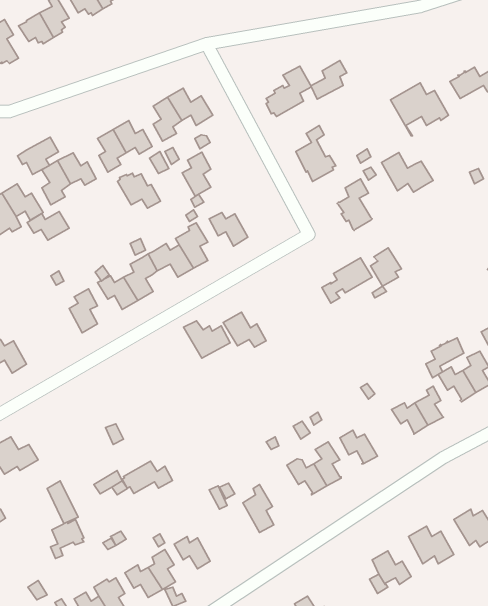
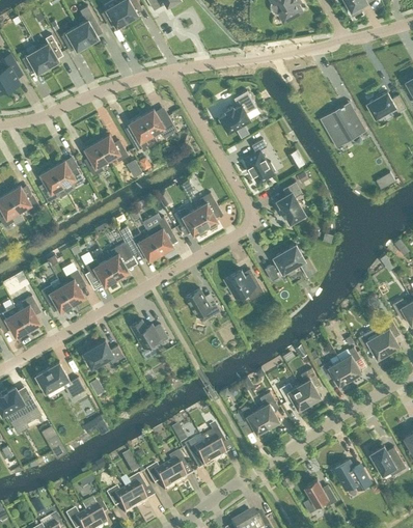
building: [311,60,347,99] -> none
building: [18,137,59,174] -> none
building: [182,152,211,196] -> [194,193,217,228]
building: [382,153,433,192] -> none
building: [118,173,160,208] -> none
building: [27,211,69,240] -> none
building: [370,248,402,286] -> none
building: none -> [223,270,263,299]
building: none -> [40,284,72,311]
building: [184,321,230,358] -> [130,321,167,351]
building: none -> [17,296,39,330]
building: [426,338,464,378] -> none
building: none -> [35,362,84,397]
building: none -> [298,368,321,404]
building: [122,461,173,493] -> [82,341,122,367]
building: none -> [184,443,214,471]
building: [51,519,84,559] -> none
building: none -> [164,455,186,488]

